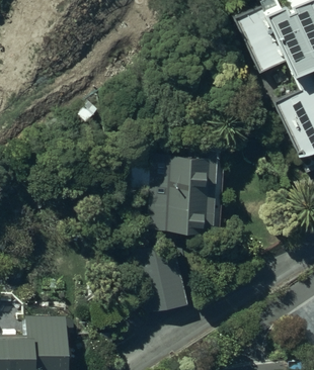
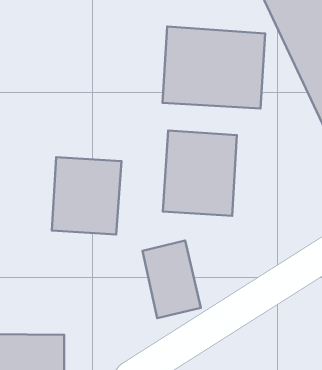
building: none -> [162,26,265,109]
building: none -> [52,157,122,234]

